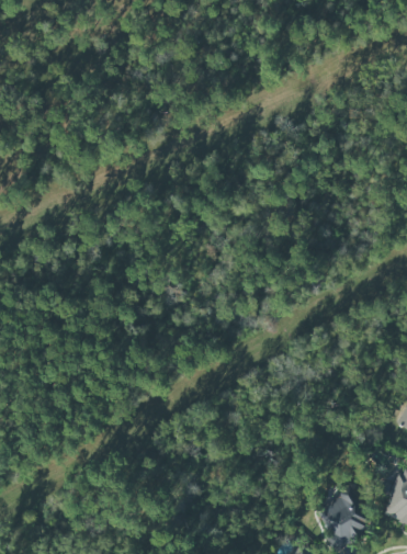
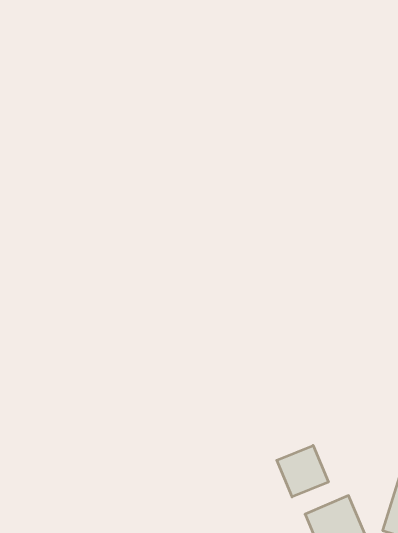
building: none -> [277,445,328,497]

